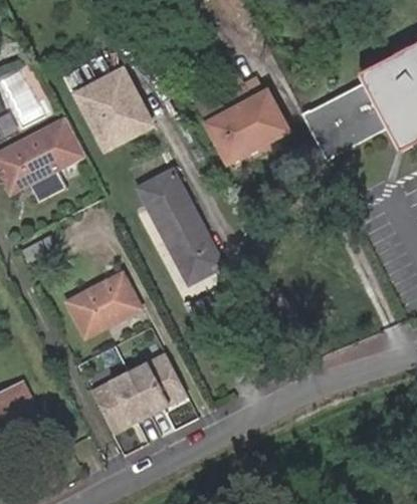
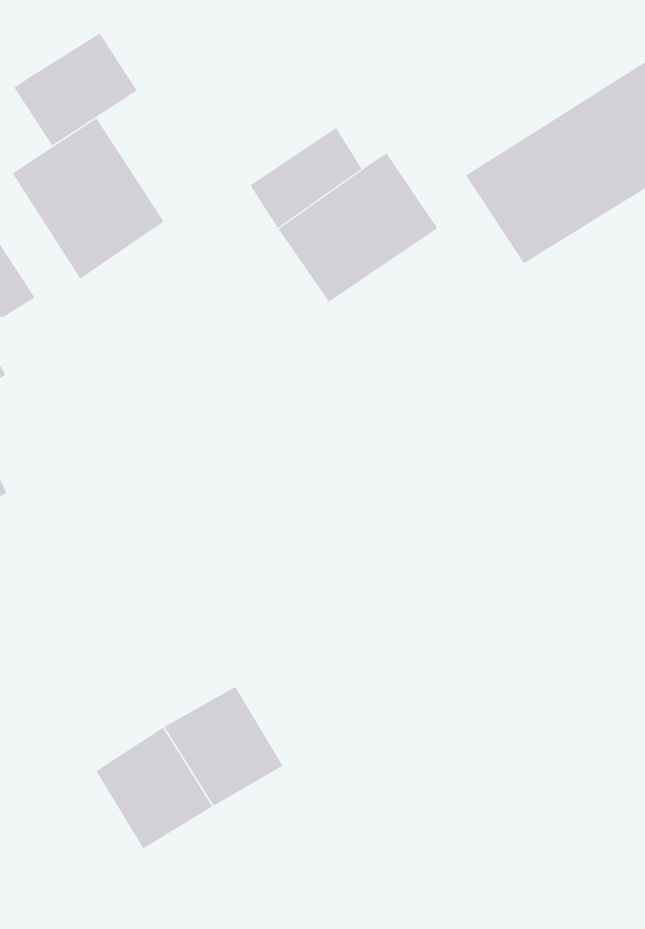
building: none -> [13,32,137,147]
building: [138,167,219,277] -> none
building: [65,270,142,337] -> none

